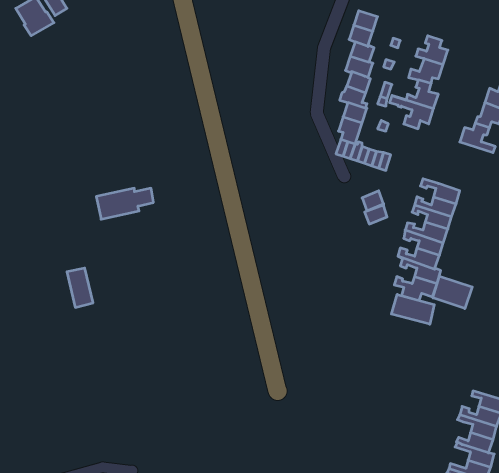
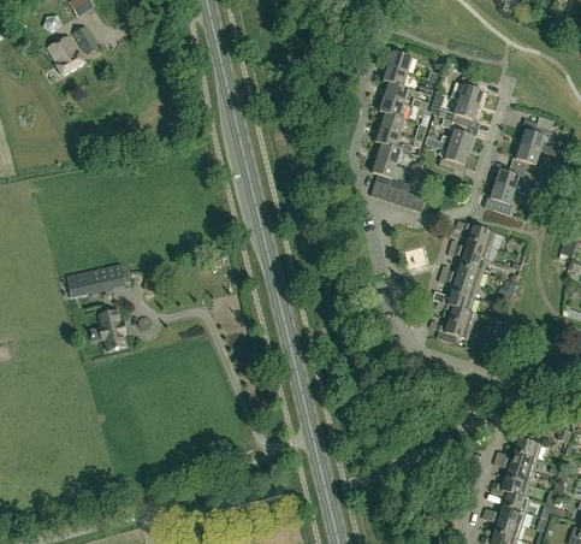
building: none -> [490,183,528,214]
building: [96,188,153,219] -> [66,267,124,298]
building: [433,276,472,309] -> none
building: [391,294,434,324] -> none

